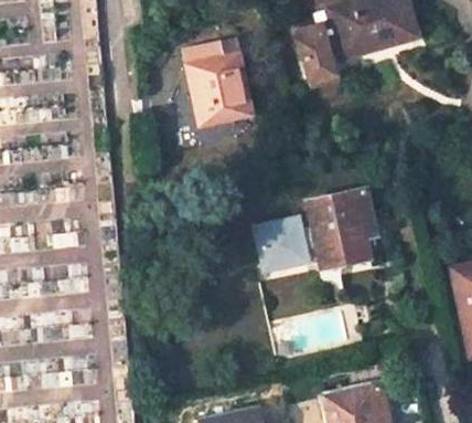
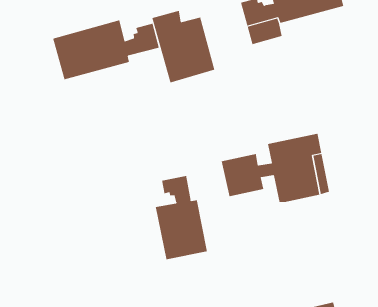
building: none -> [52,19,160,80]
building: none -> [155,175,208,260]

